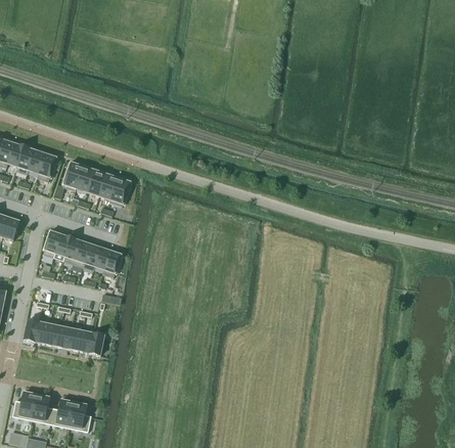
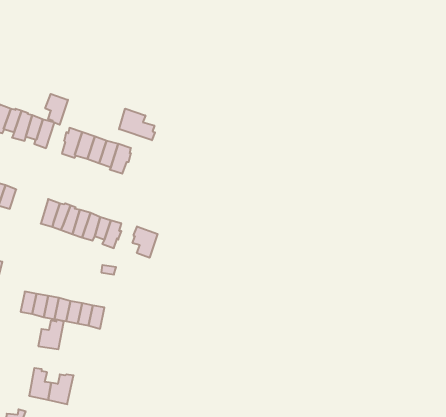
building: none -> [45,94,68,125]
building: none -> [119,109,155,140]
building: none -> [133,226,158,258]
building: [12,391,37,419] -> [38,320,64,349]
building: [69,400,91,432] -> none

